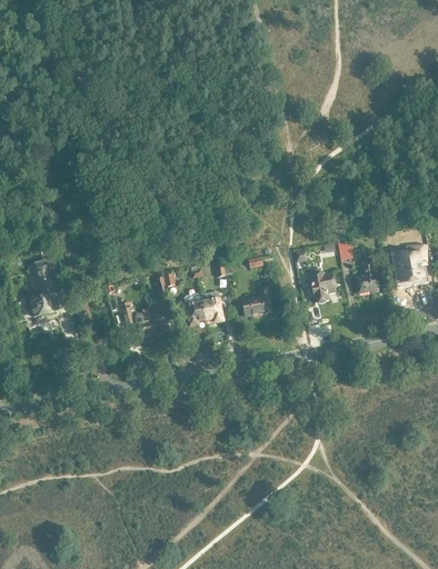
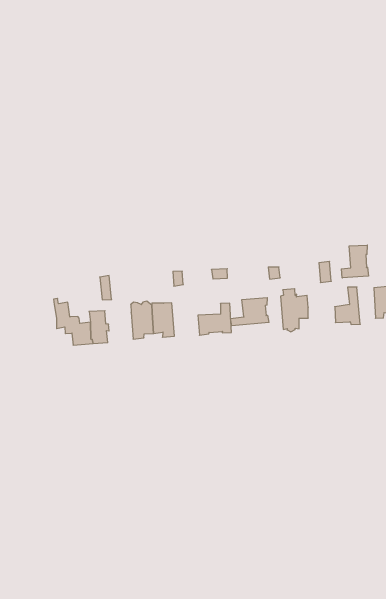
building: none -> [341,245,368,278]
building: none -> [231,298,269,326]

